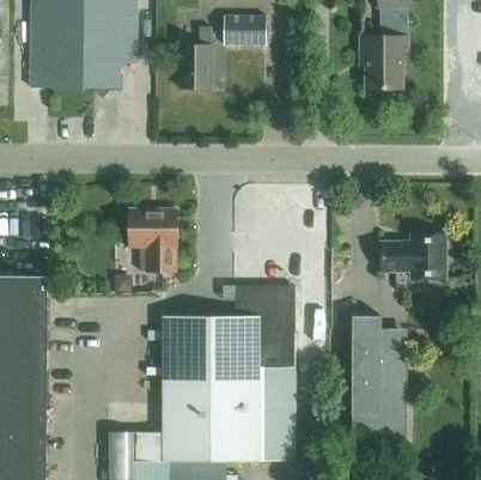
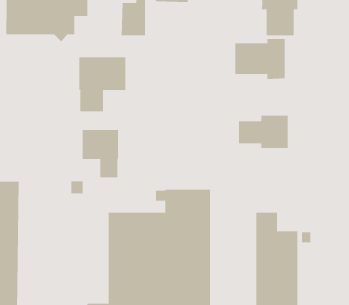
building: none -> [235,38,285,80]
building: none -> [79,56,126,112]
building: [380,235,445,278] -> [238,115,288,149]

